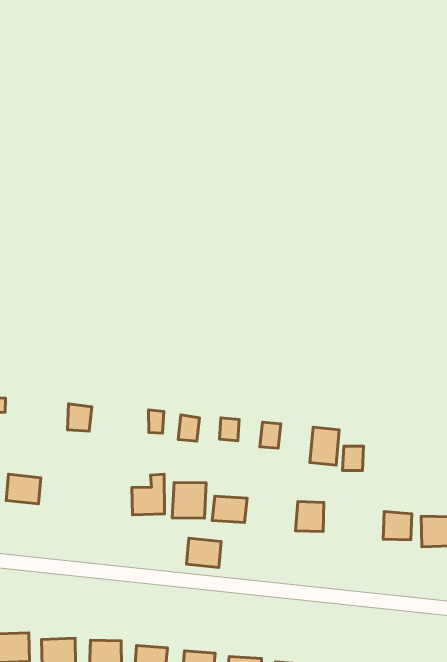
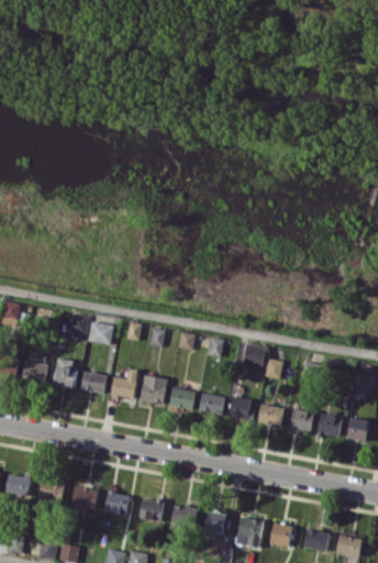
building: none -> [88,322,113,345]
building: none -> [54,358,76,387]
building: none -> [81,372,107,394]
building: none -> [258,405,284,426]
building: [186,538,221,568] -> [199,393,225,416]

